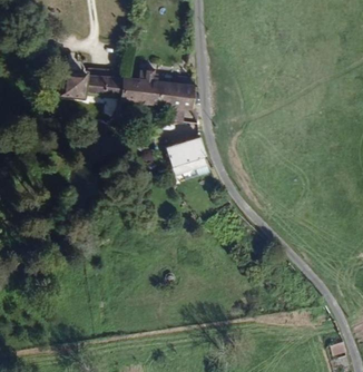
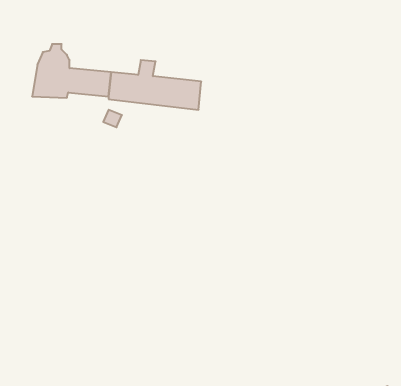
building: [166,138,208,173] -> none

